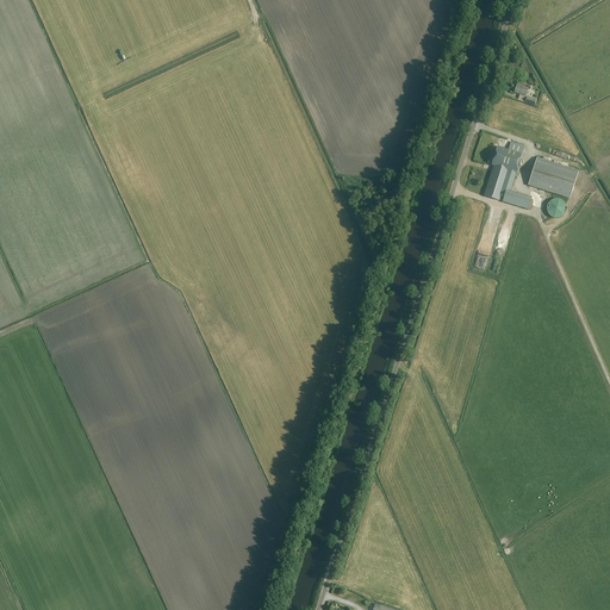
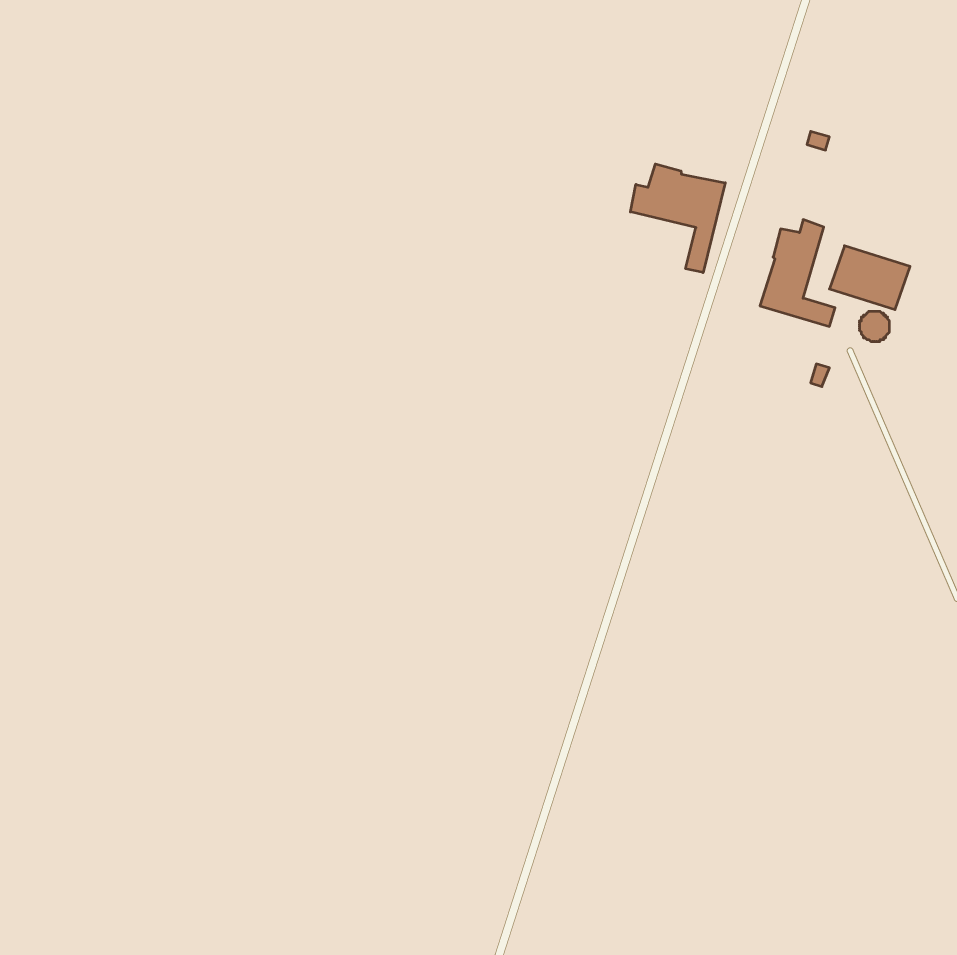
building: none -> [630,164,725,273]

